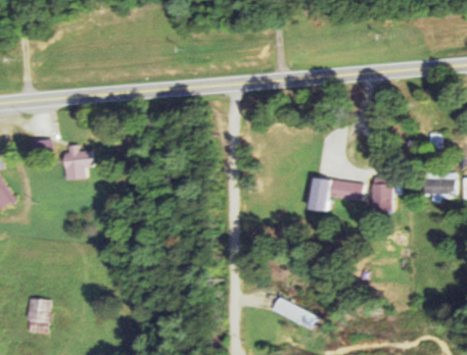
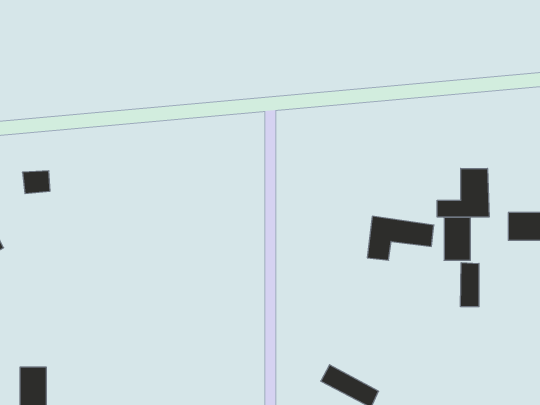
building: none -> [437,168,489,217]
building: [63,145,92,180] -> none
building: none -> [461,263,479,307]

